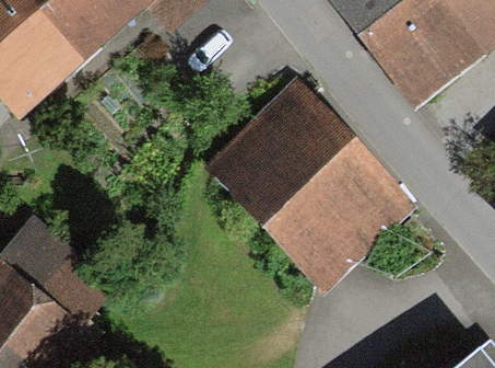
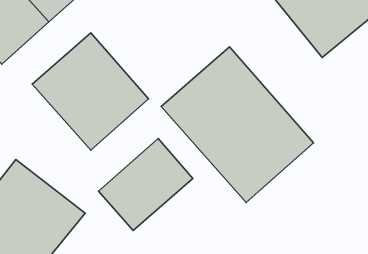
building: none -> [32,33,149,150]
building: none -> [98,139,193,231]

